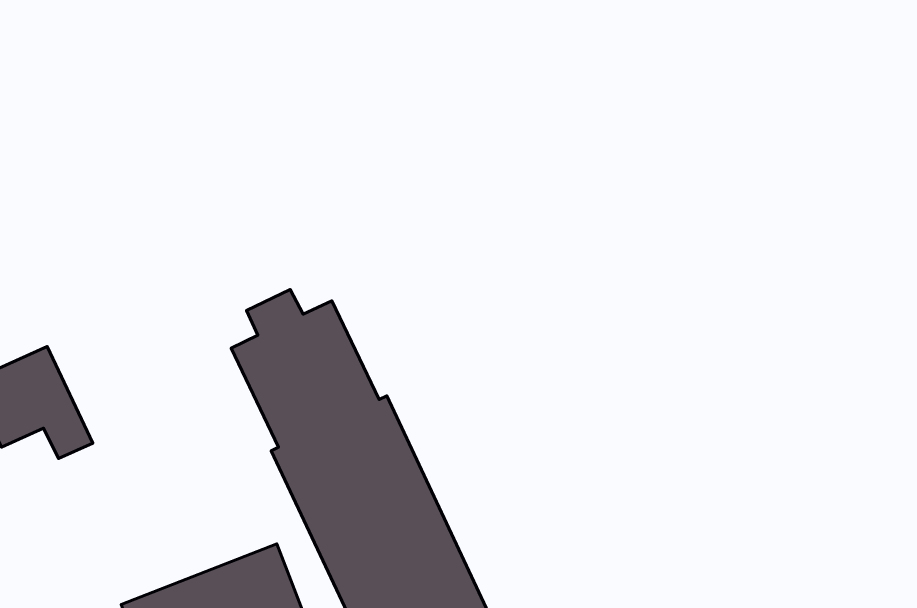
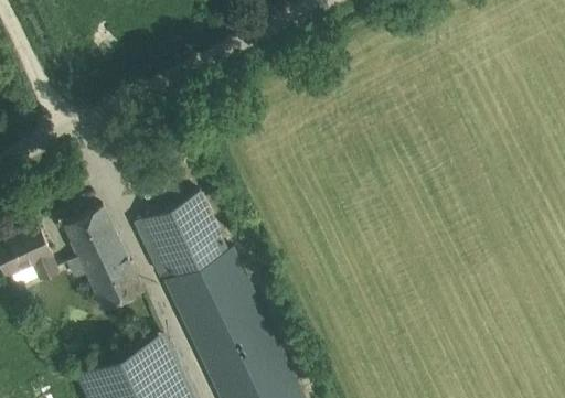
building: none -> [63,209,143,313]

